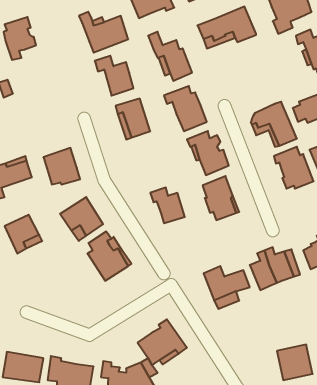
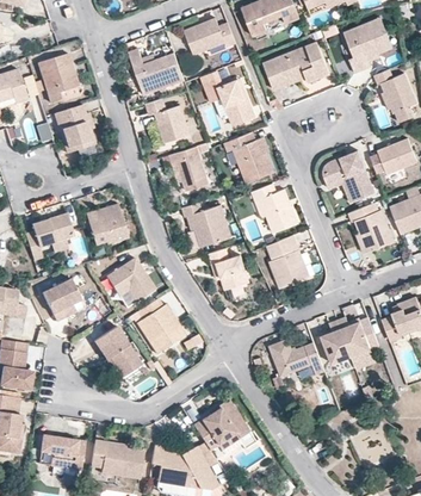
building: none -> [56,105,95,154]
building: none -> [182,203,231,246]
building: none -> [94,327,143,378]

